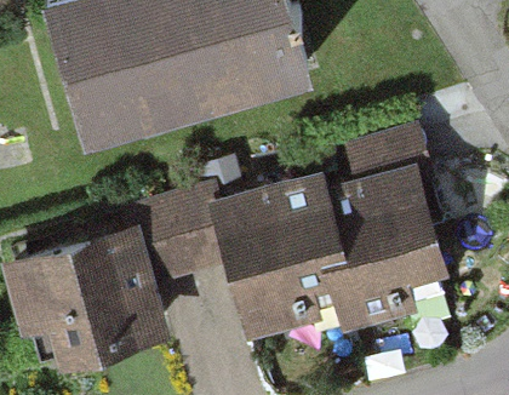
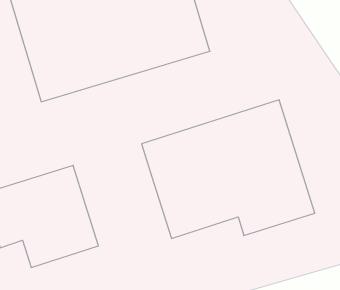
building: [126,202,230,281] -> none

